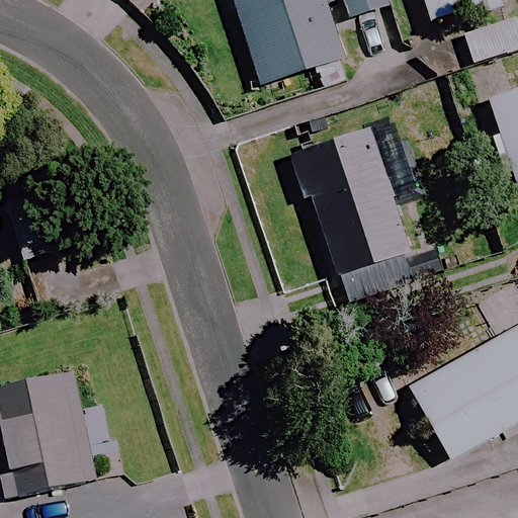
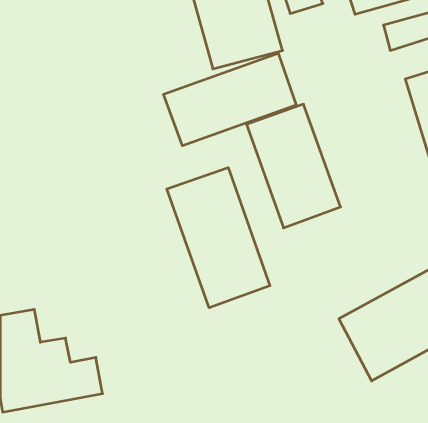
building: none -> [164,53,296,146]
building: none -> [167,168,270,308]

